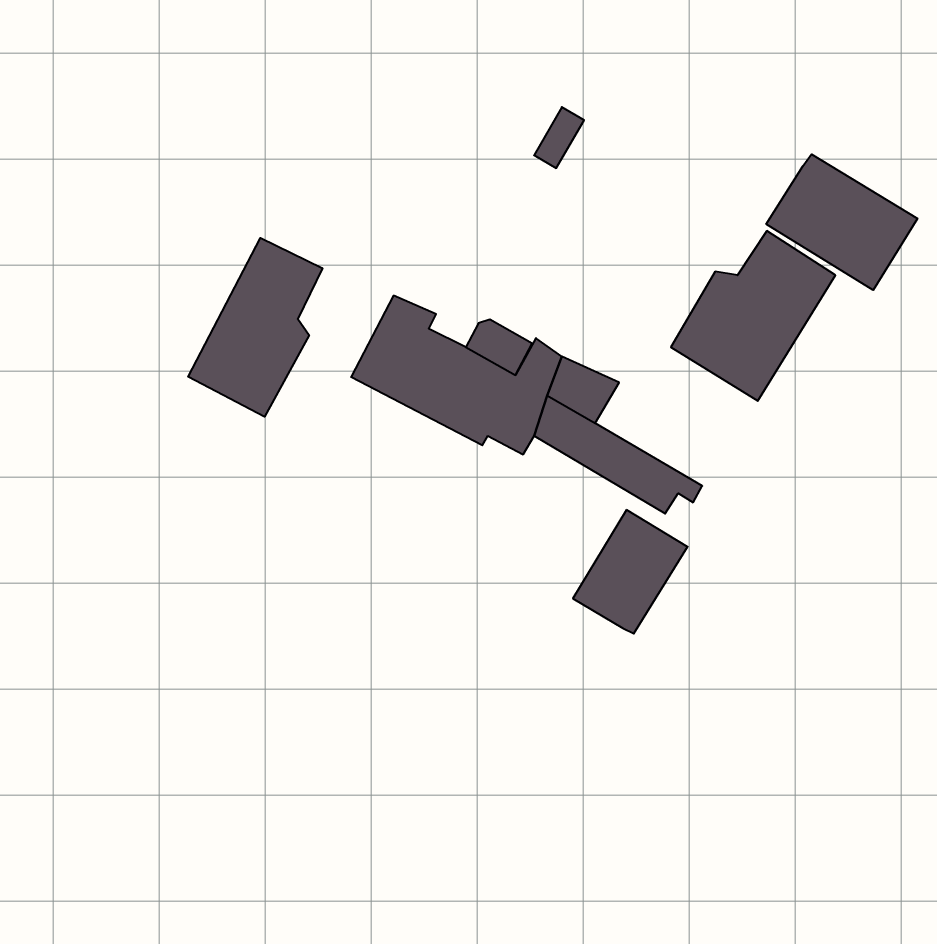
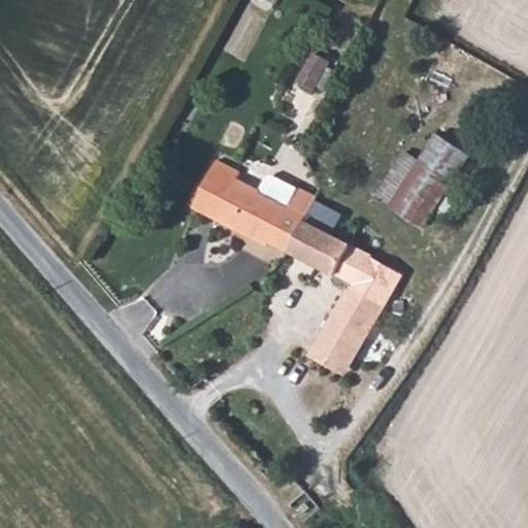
building: [766,154,917,290] -> none
building: [188,238,322,417] -> none
building: none -> [303,334,348,377]

